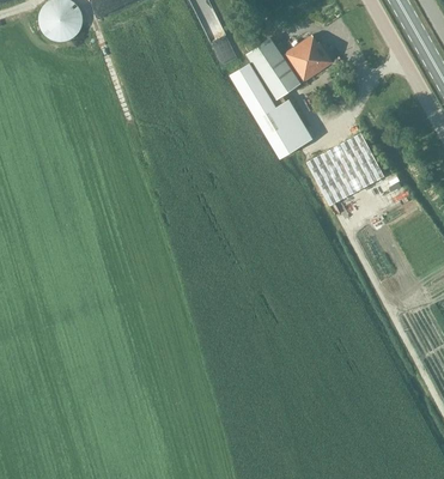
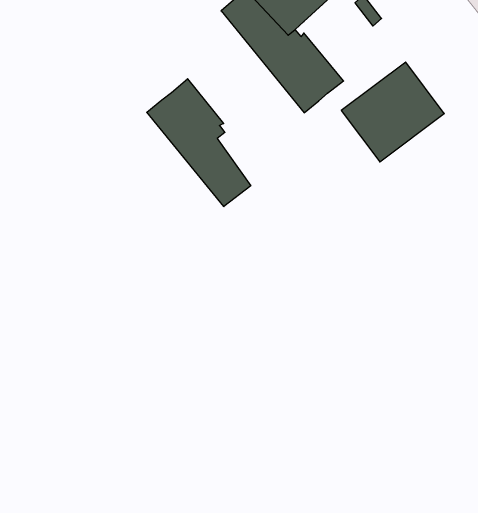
building: none -> [147,79,251,207]

